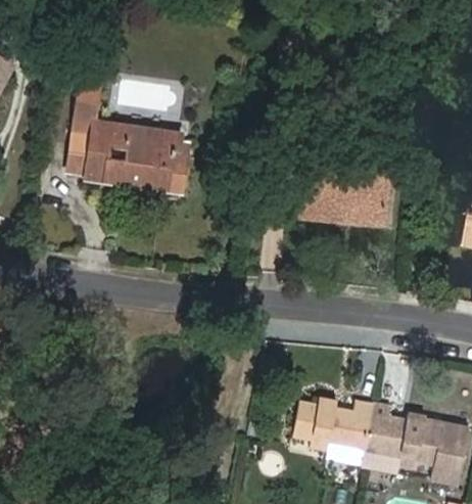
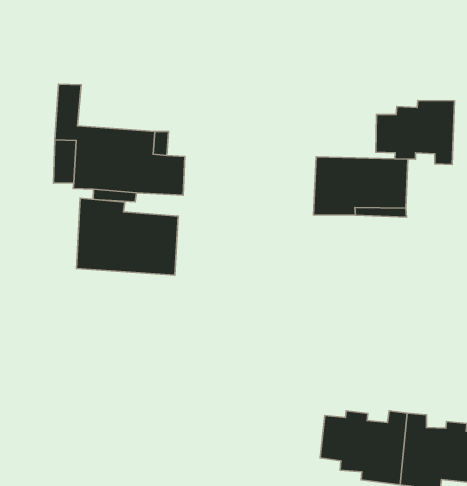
building: none -> [376,101,455,164]
building: none -> [76,198,178,275]

